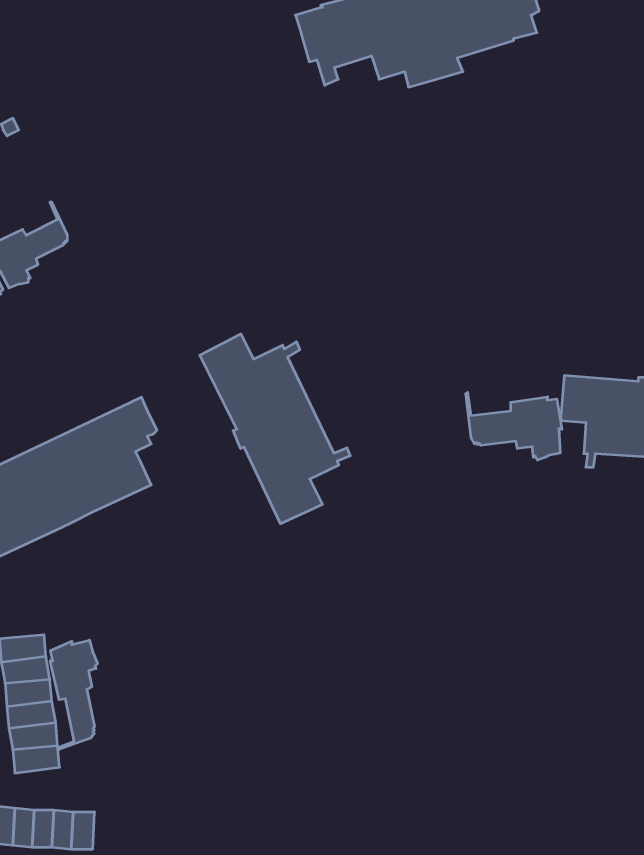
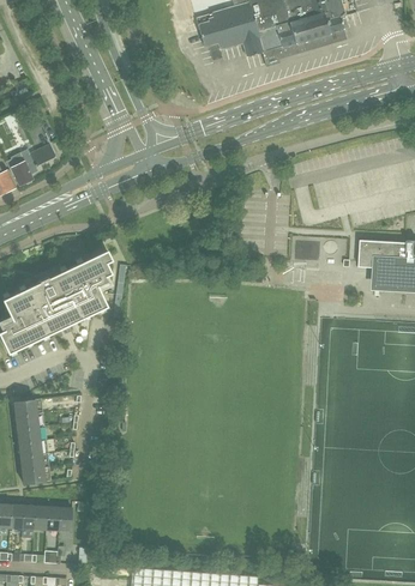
building: [200,334,350,524] -> none
building: [466,392,562,460] -> none
building: [50,640,97,750] -> none

